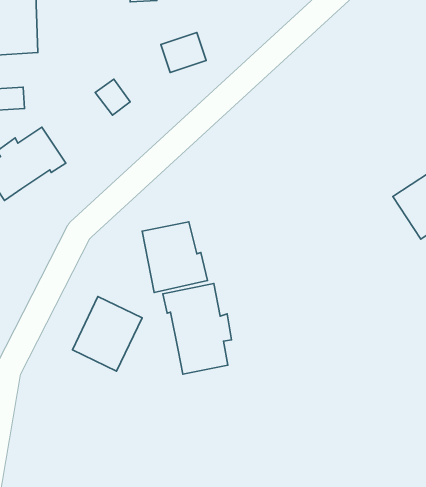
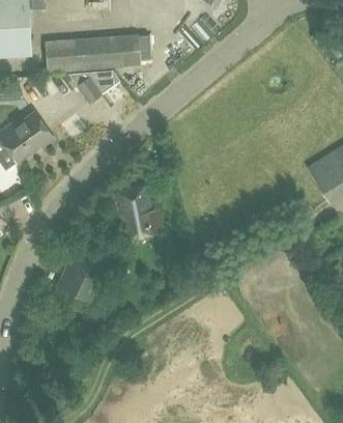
building: none -> [46,35,124,73]
building: [163,283,231,374] -> none

